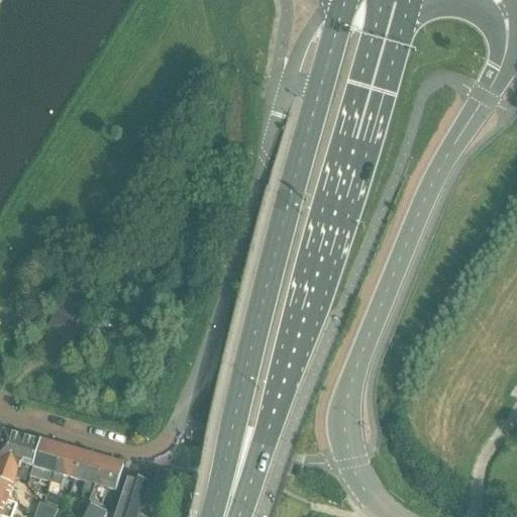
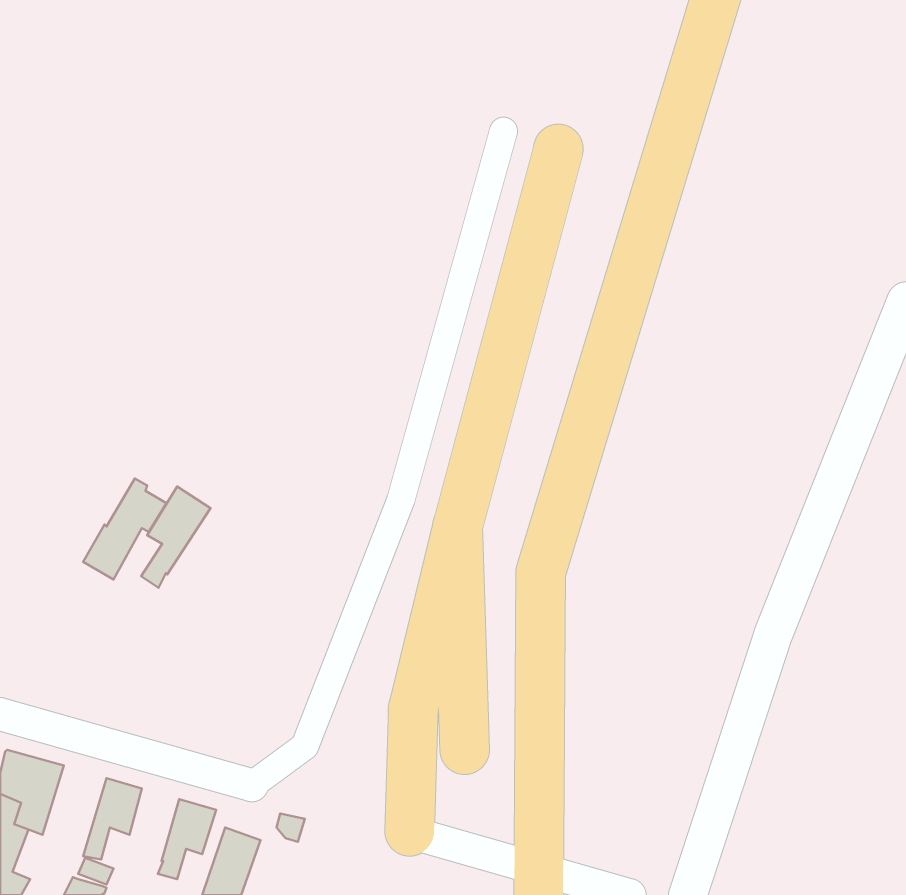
building: none -> [141,486,210,588]
building: [29,437,61,478] -> none
building: [74,449,102,498] -> none

